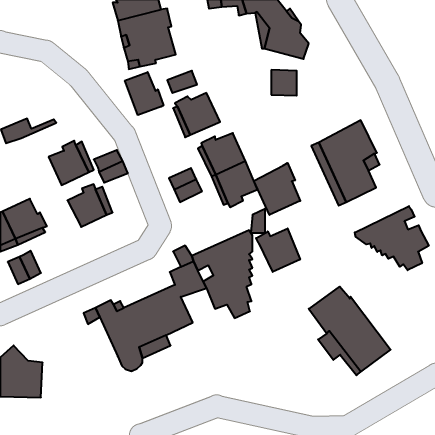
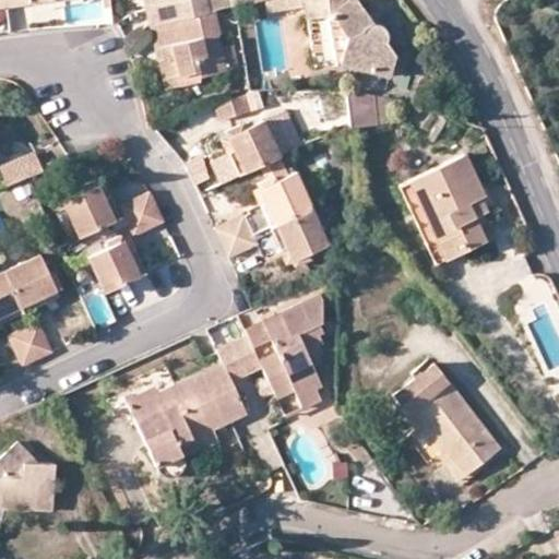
building: [125,72,163,115] -> none
building: [254,163,300,215] -> none
building: [355,206,429,270] -> none
building: [256,228,300,272] -> none

